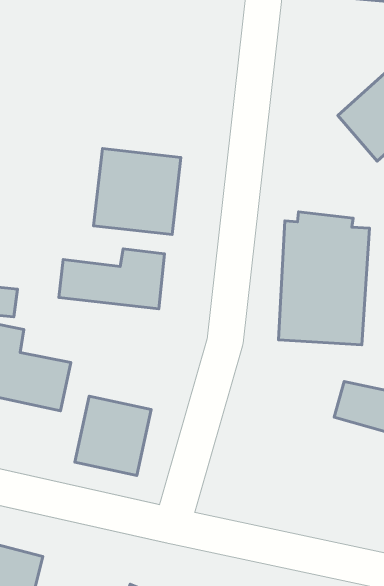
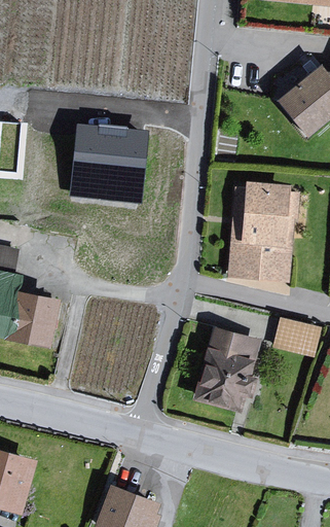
building: [59,249,165,309] -> none
building: none -> [192,326,261,413]
building: [75,396,151,475] -> none

